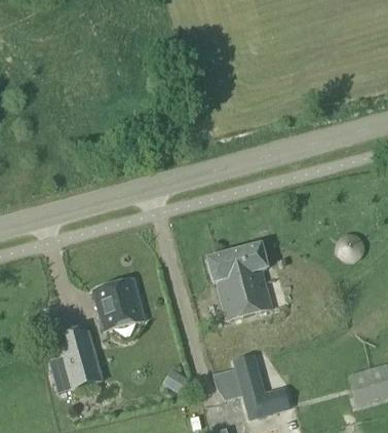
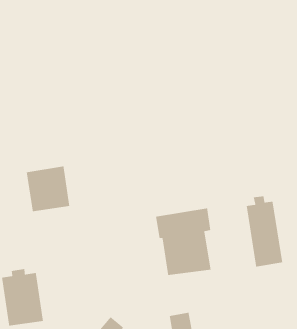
building: none -> [246,196,283,268]
building: [92,277,143,329] -> [26,165,70,212]

